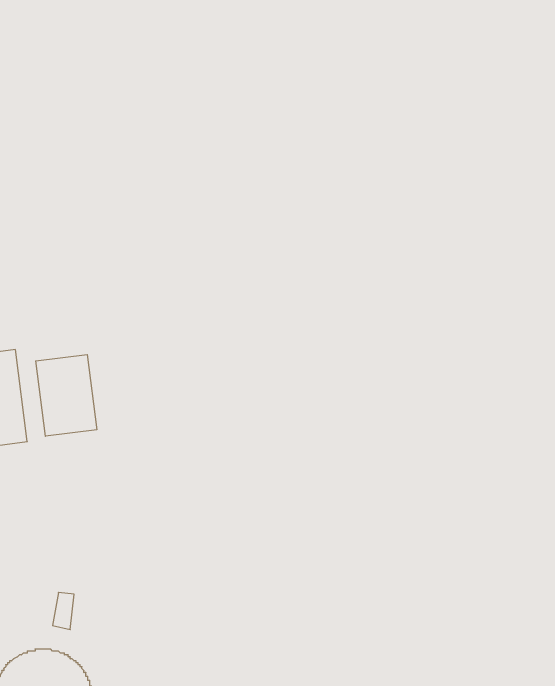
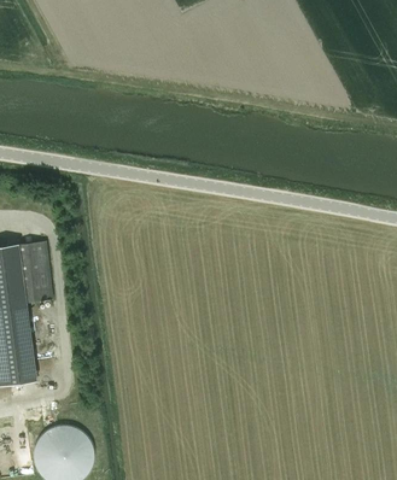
building: [36,355,97,436] -> none

